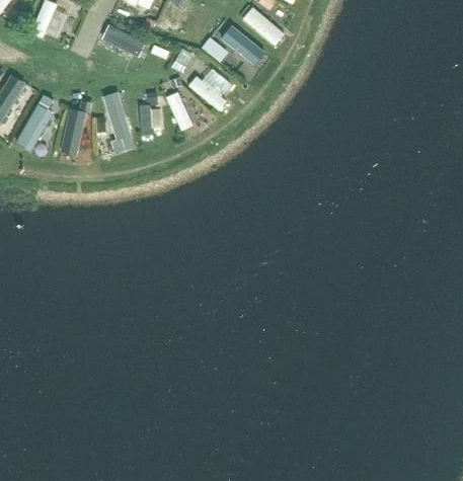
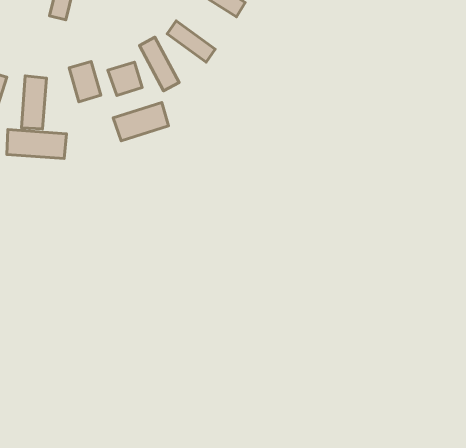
building: none -> [113,103,168,141]
building: none -> [7,130,66,158]

